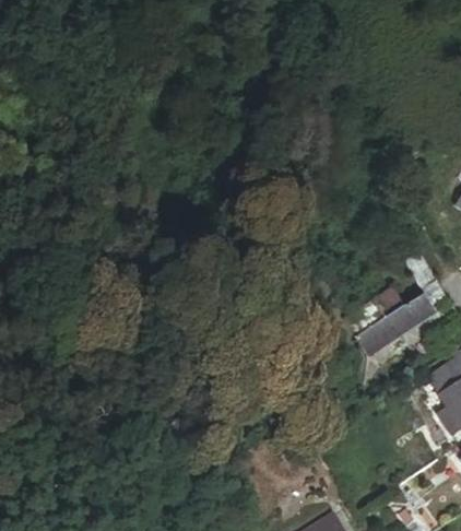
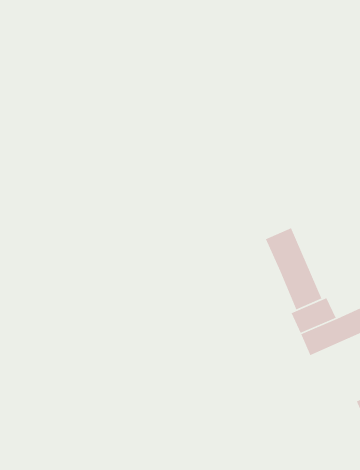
building: none -> [265,227,322,311]

